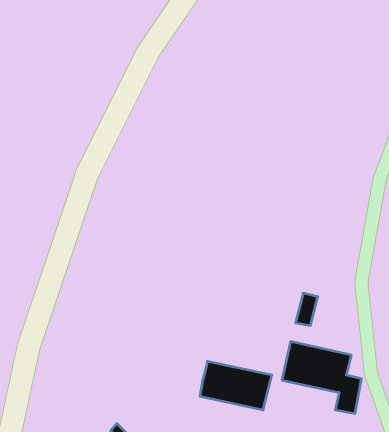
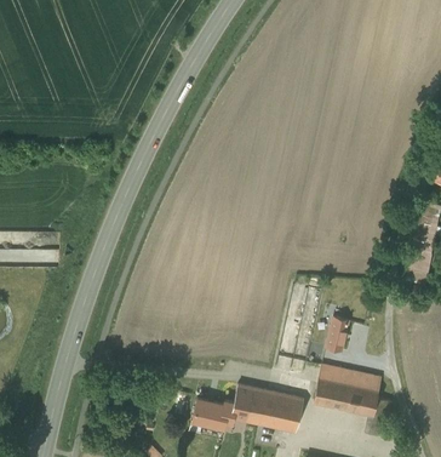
building: none -> [191,399,235,428]

